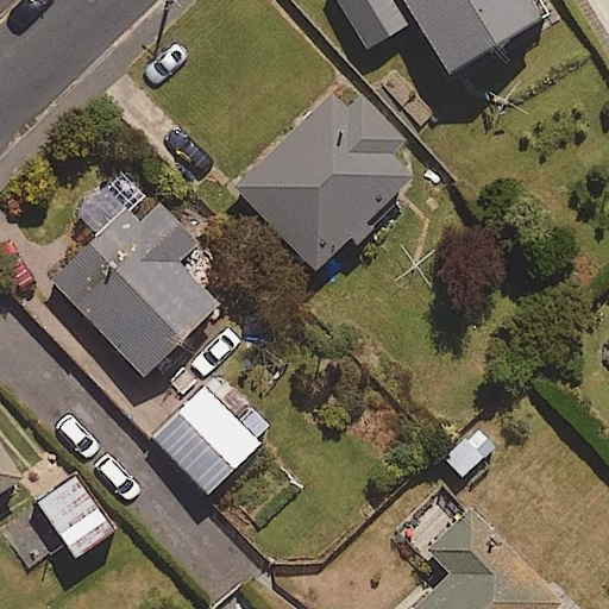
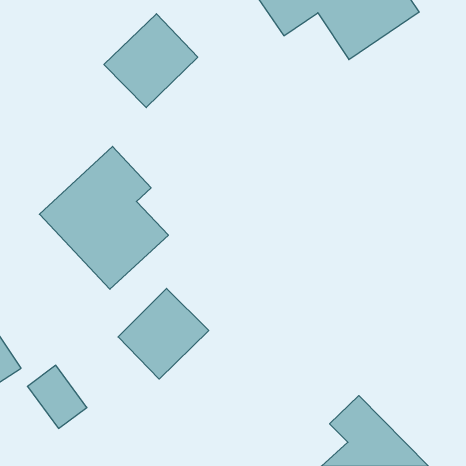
building: none -> [104,14,198,108]
building: [236,80,412,270] -> none

